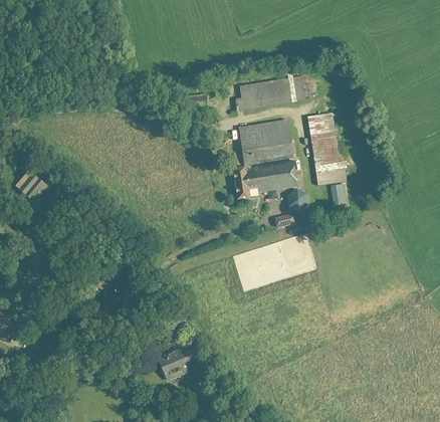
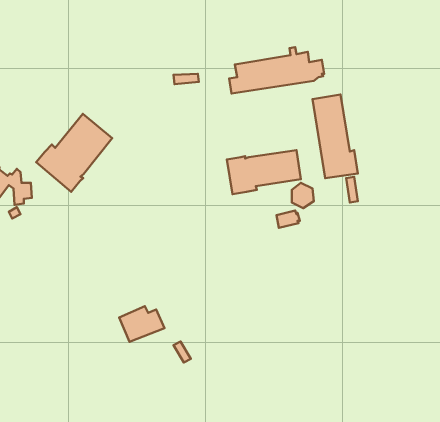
building: [239,120,292,166] -> none
building: none -> [36,114,112,192]
building: [159,348,198,379] -> [119,306,164,342]

